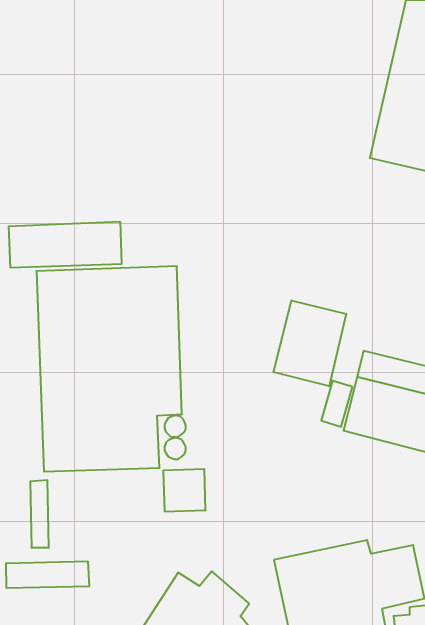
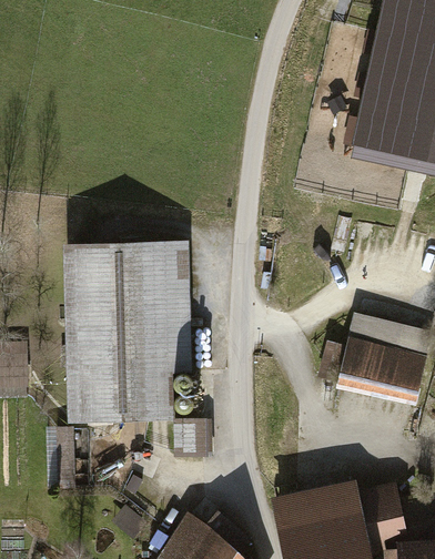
building: [9,222,122,268] -> none
building: [273,300,346,386] -> none
building: [6,561,89,588] -> none

